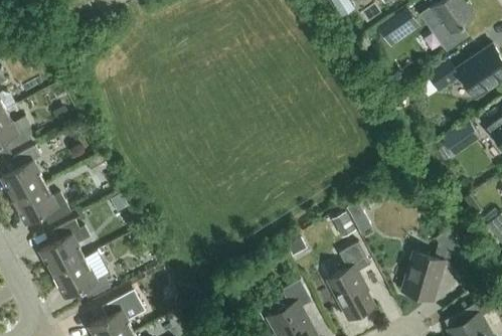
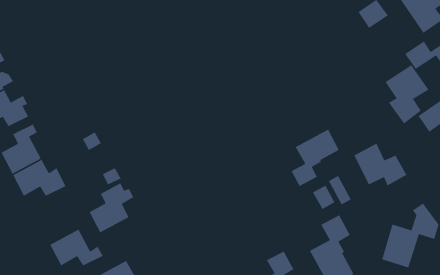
building: none -> [385,64,430,124]
building: none -> [290,128,340,187]
building: none -> [353,142,407,186]
building: [40,220,89,275] -> [88,182,134,234]

